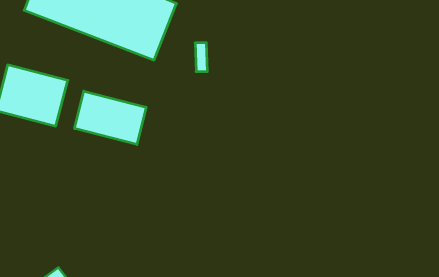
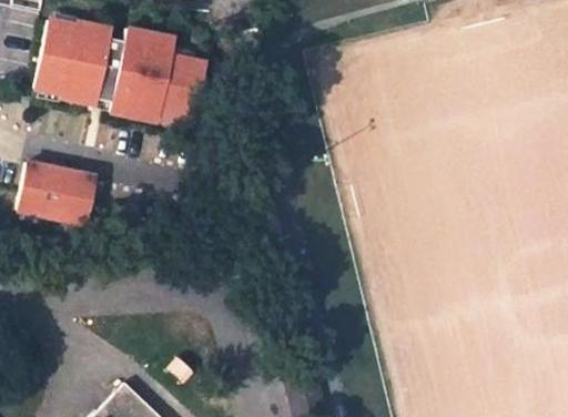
building: [75,91,146,145] -> none

